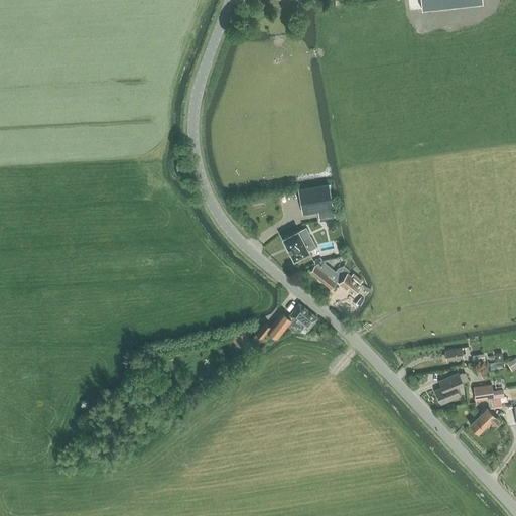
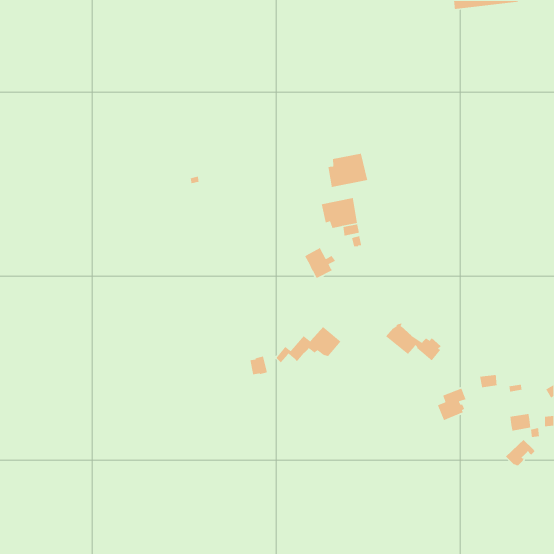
building: none -> [328,153,368,188]
building: [309,259,362,295] -> [385,322,441,361]
building: [435,373,464,404] -> [437,388,467,421]

